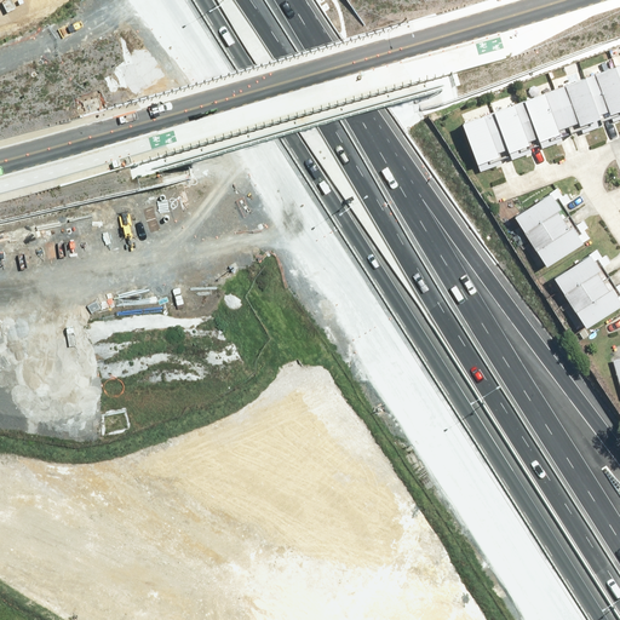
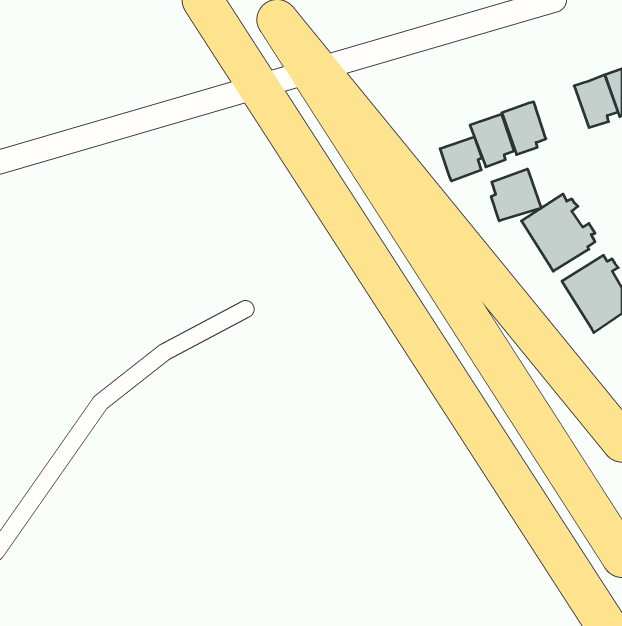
building: [527,87,579,143] -> none
building: none -> [440,137,482,181]
building: none -> [491,169,541,221]

